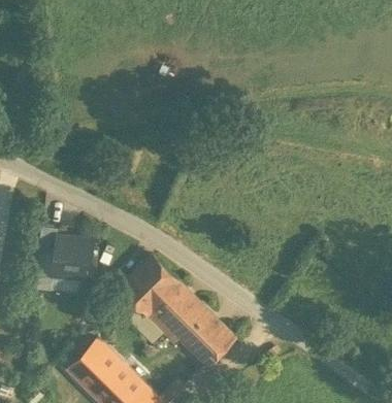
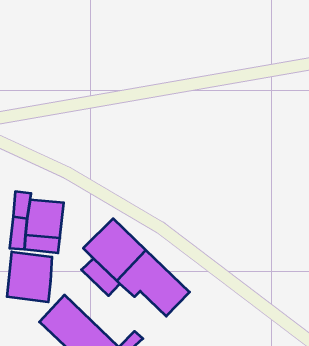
building: none -> [7,252,52,302]

